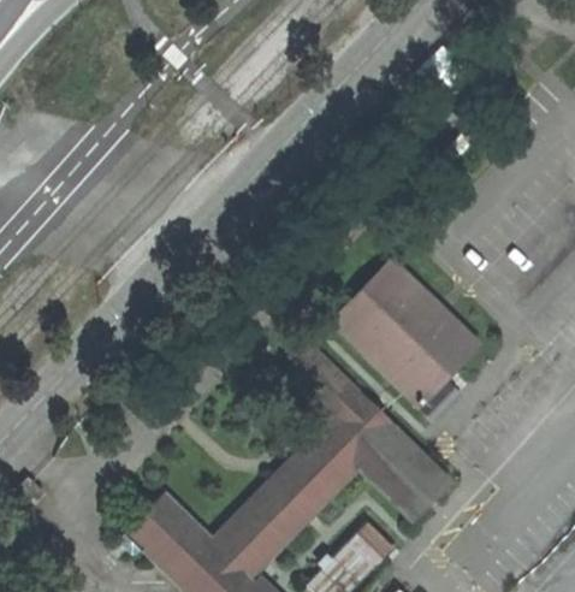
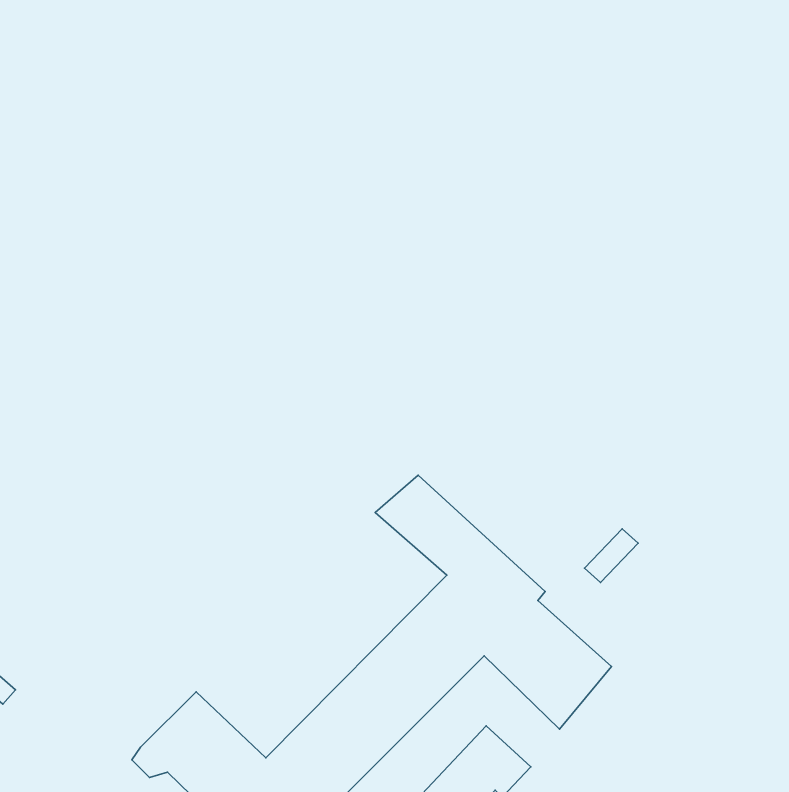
building: [337,262,479,402] -> none

